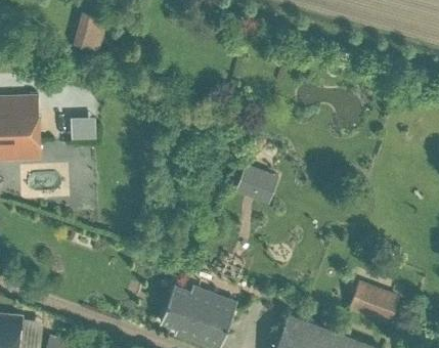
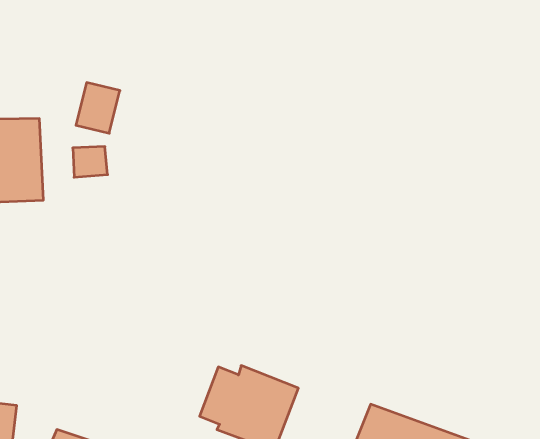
building: [74,12,107,51] -> [76,83,120,133]
building: [229,163,270,200] -> none
building: [348,282,397,322] -> none

